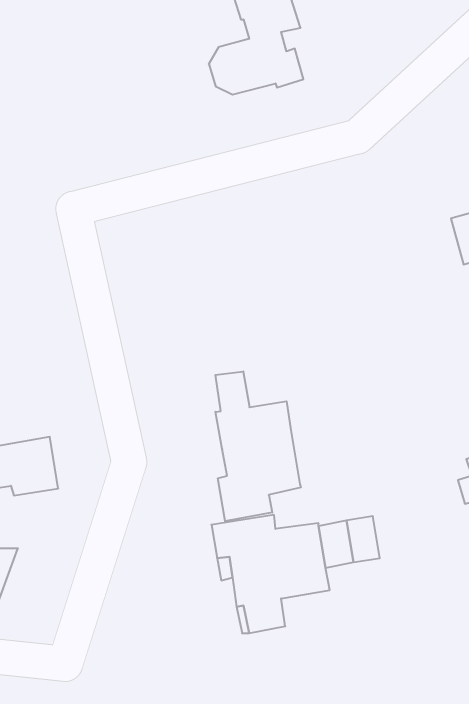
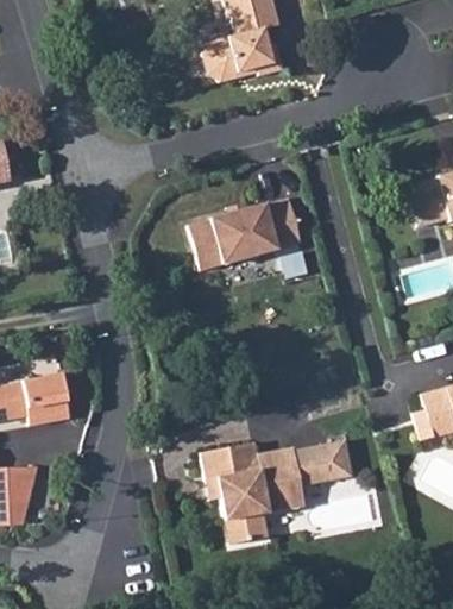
building: none -> [187,199,301,271]
building: [215,371,301,521] -> none

